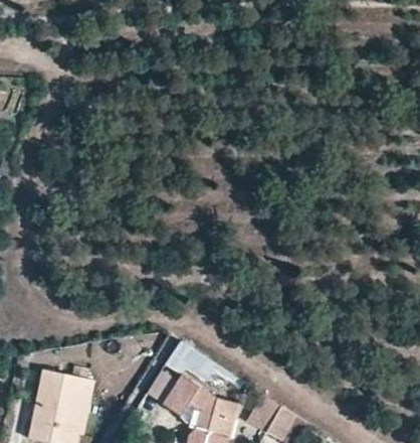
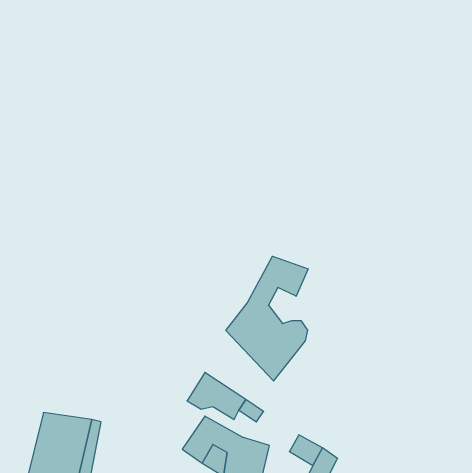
building: none -> [226,256,308,381]

